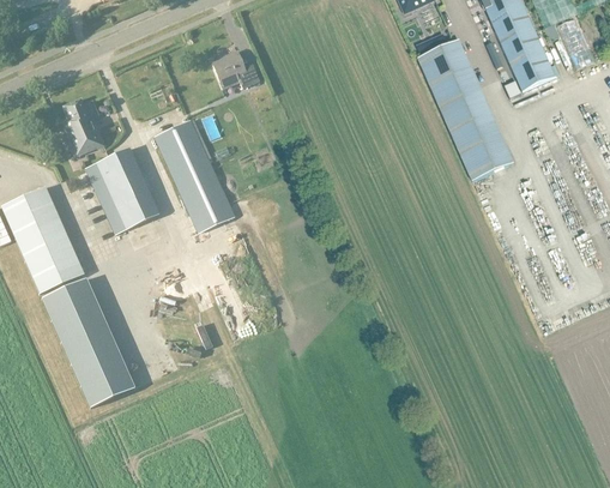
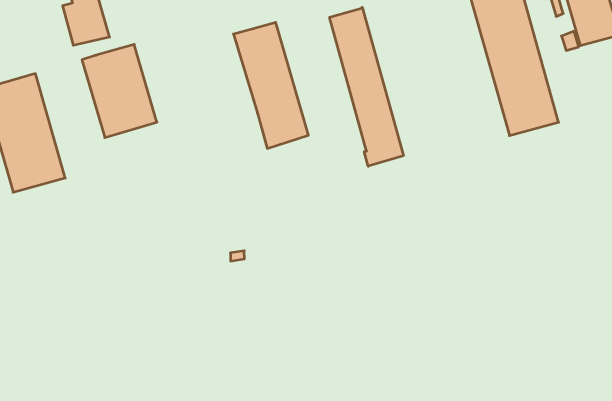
building: none -> [330,7,403,166]
building: [155,120,234,233] -> [233,22,308,148]
building: [41,284,133,412] -> none

